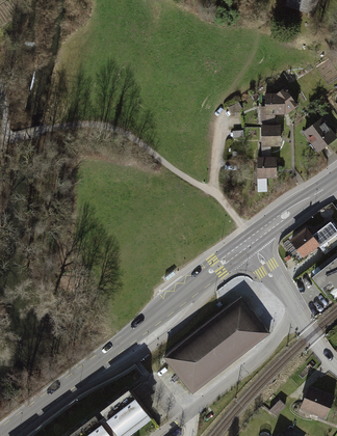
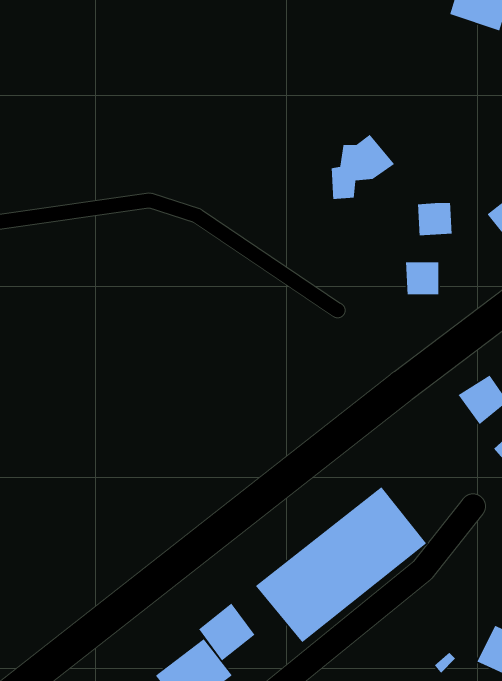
building: [260,85,300,126] -> [331,134,395,200]
building: none -> [198,602,255,661]

